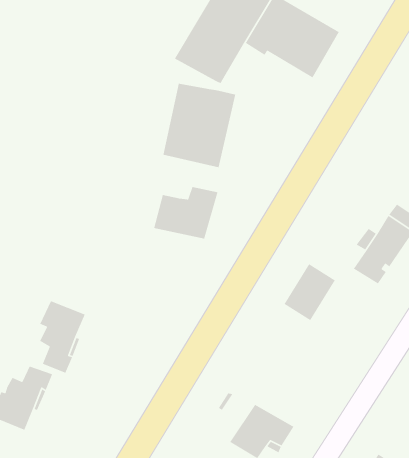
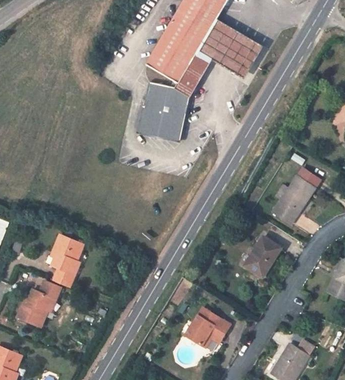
building: none -> [177,54,210,91]
building: [153,186,218,239] -> none
building: [283,263,336,321] -> [244,236,281,277]

